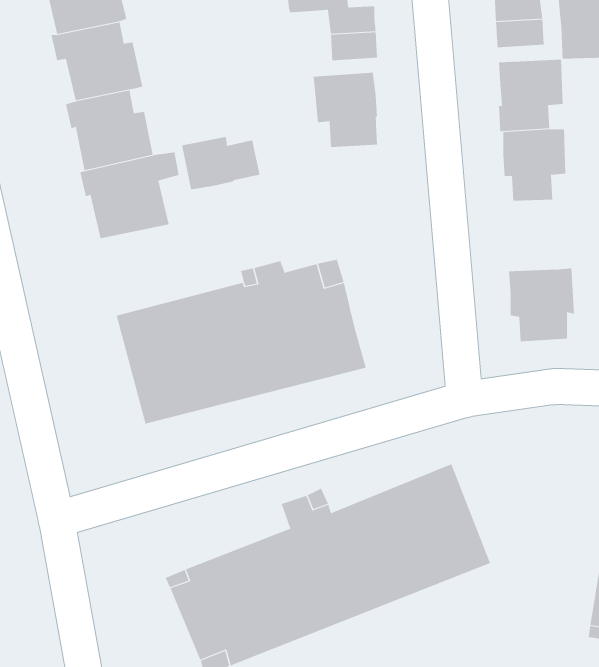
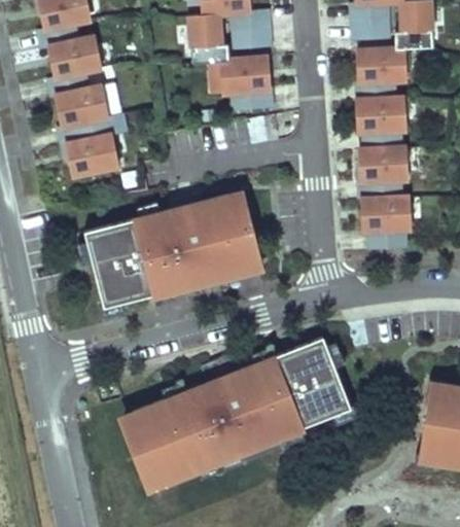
building: none -> [192,16,224,65]
building: [182,136,260,190] -> none
building: none -> [361,149,406,201]

